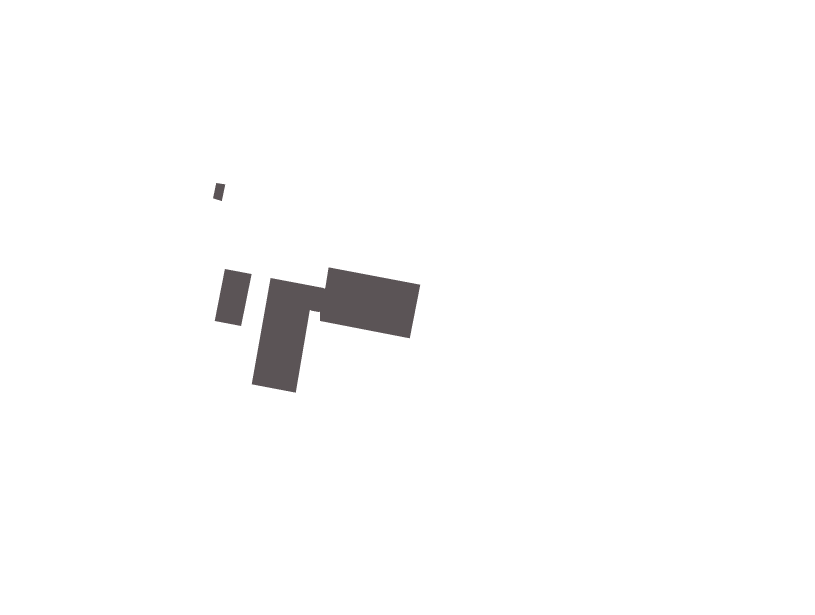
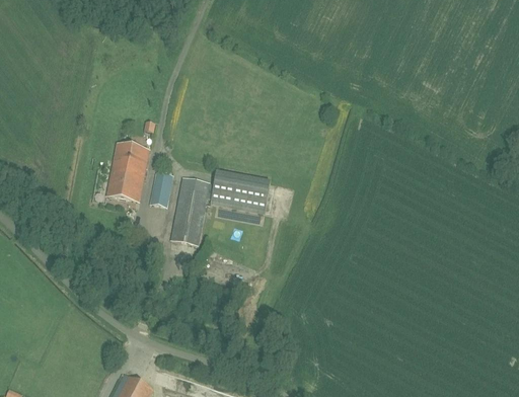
building: none -> [106,143,149,201]

